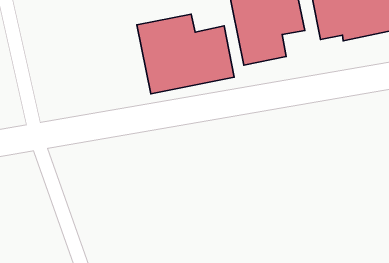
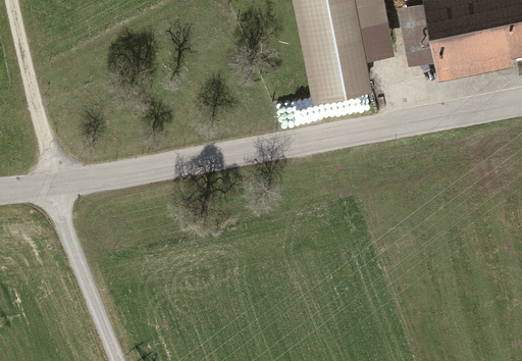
building: [137,14,234,94] -> none

